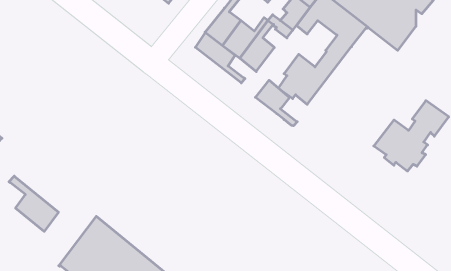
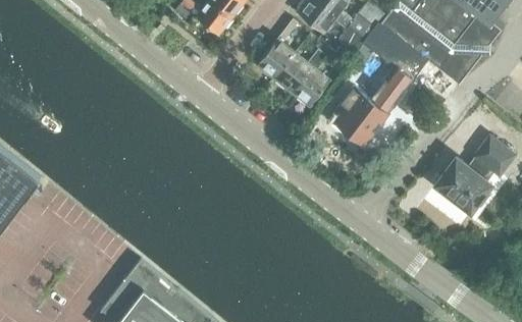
building: [195,33,245,83] -> none
building: [255,80,297,126] -> none
building: [9,176,58,231] -> none

